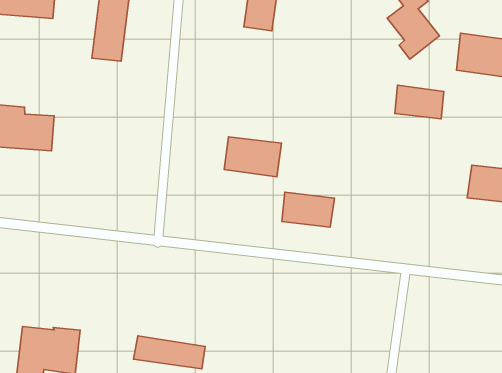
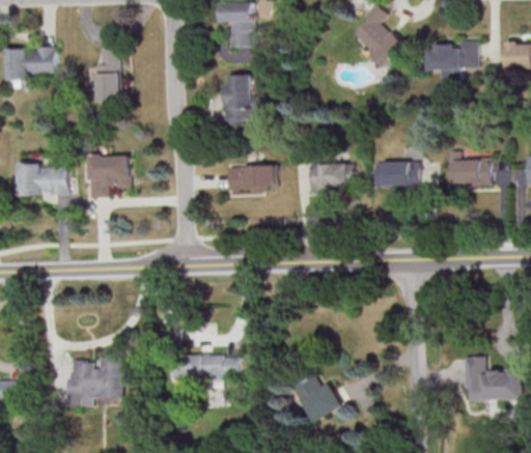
building: none -> [223,75,253,129]
building: [395,85,444,119] -> [375,164,419,190]
building: none -> [87,154,130,200]
building: [282,192,334,227] -> [310,164,356,192]

